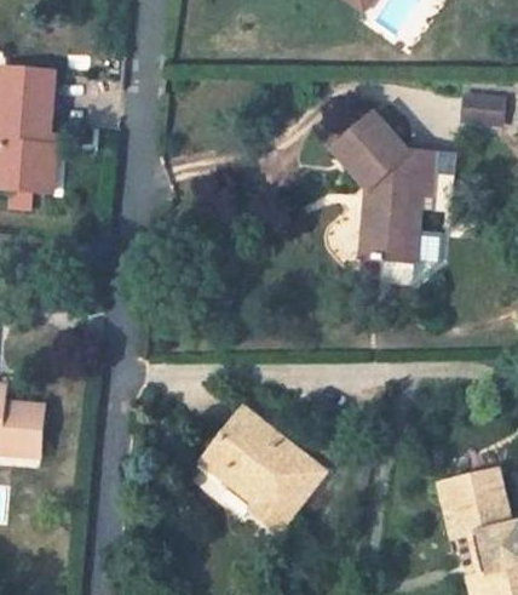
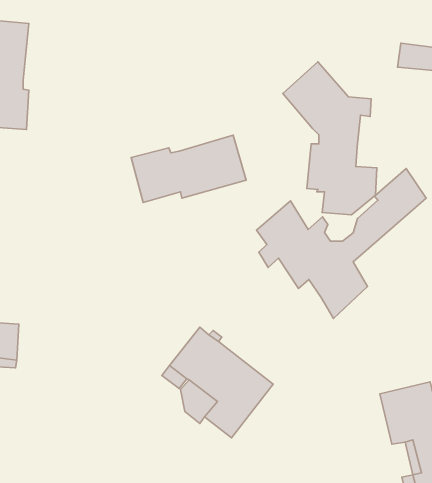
building: [416,155,447,210] -> none
building: none -> [131,135,246,202]
building: none -> [256,168,426,318]

